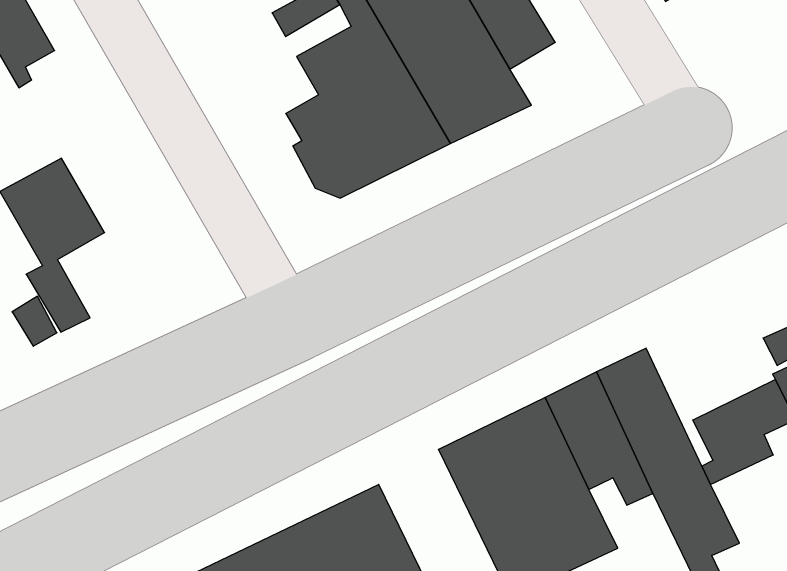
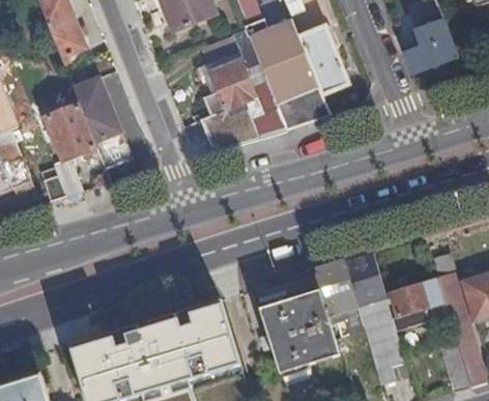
building: none -> [71,76,132,168]

